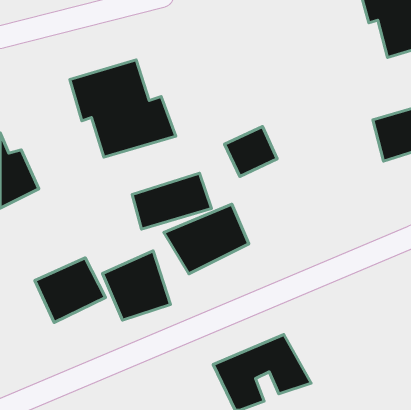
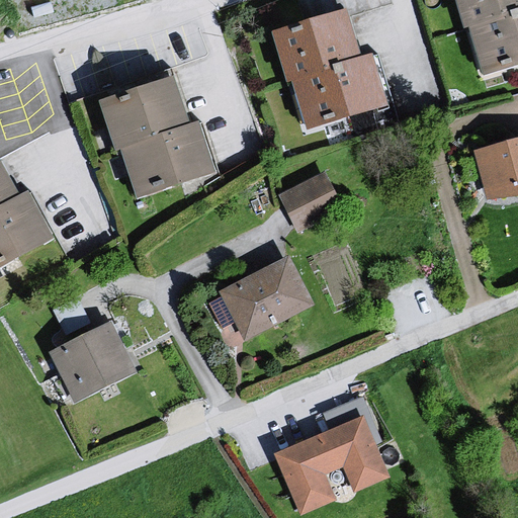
building: none -> [267,10,397,131]
building: [132,173,211,229] -> none
building: [103,251,171,320] -> none

